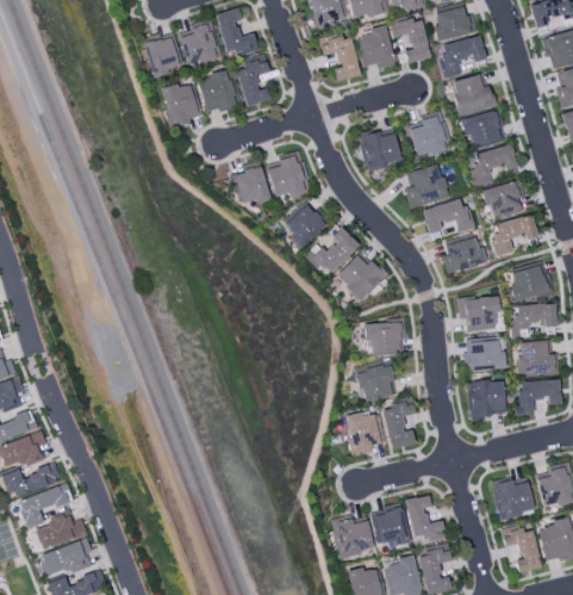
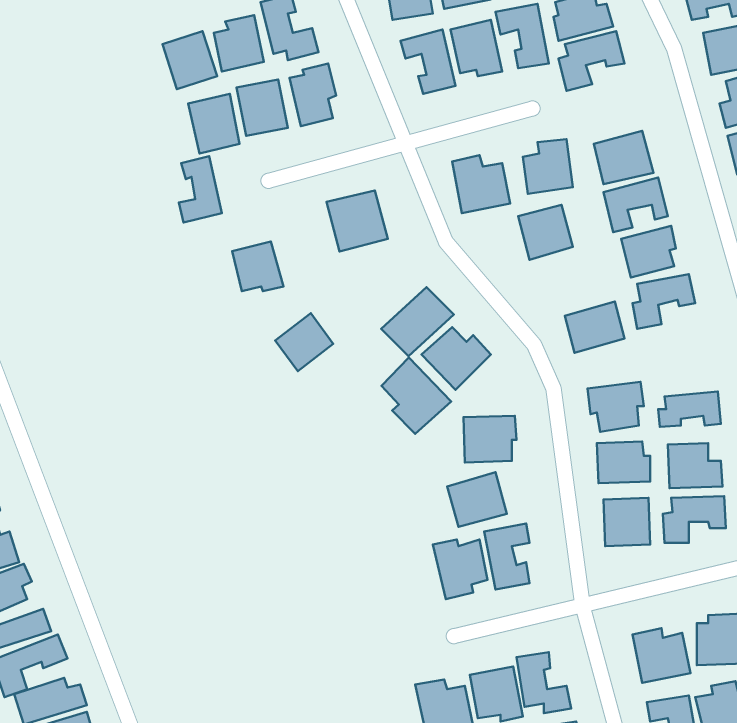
building: [451,74,492,114] -> none
building: none -> [179,156,222,223]
building: [233,167,272,204] -> [232,241,284,291]
building: [423,199,473,234] -> none
building: [284,204,326,247] -> [275,313,333,371]
building: [507,260,552,302] -> none
building: none -> [381,357,451,434]

